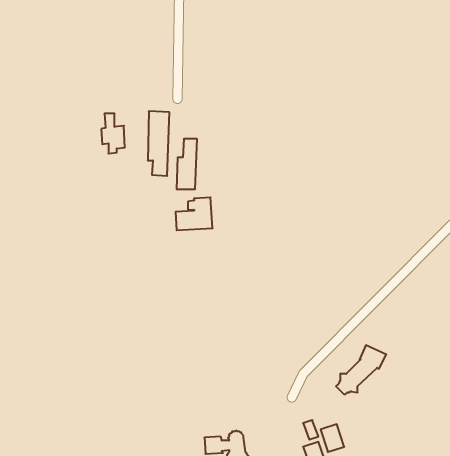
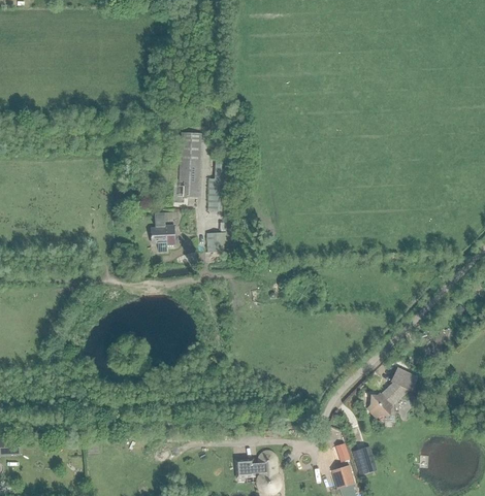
building: [101,114,125,154] -> [151,212,174,253]

